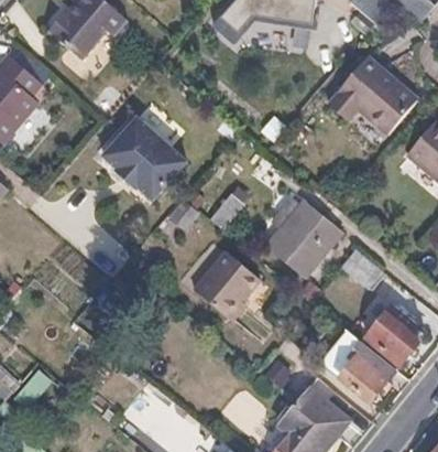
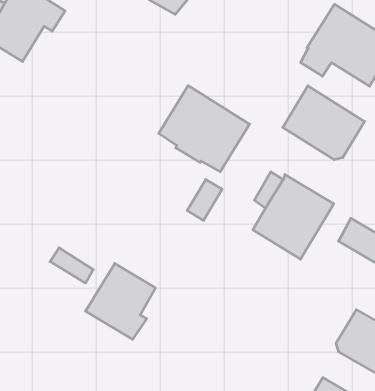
building: [105,115,187,196] -> [159,86,250,172]
building: none -> [283,86,365,160]
building: [195,252,261,323] -> [85,263,155,339]

